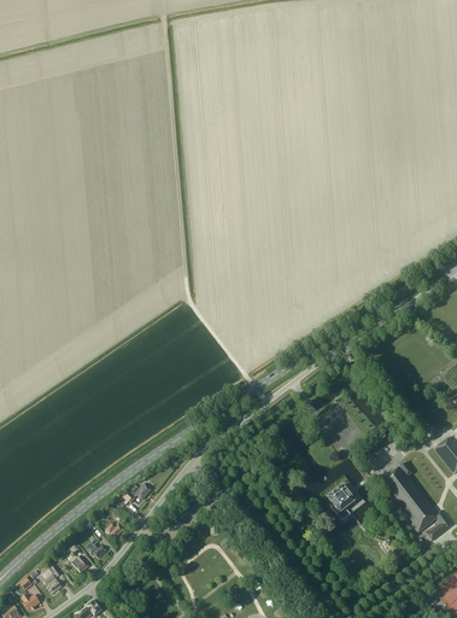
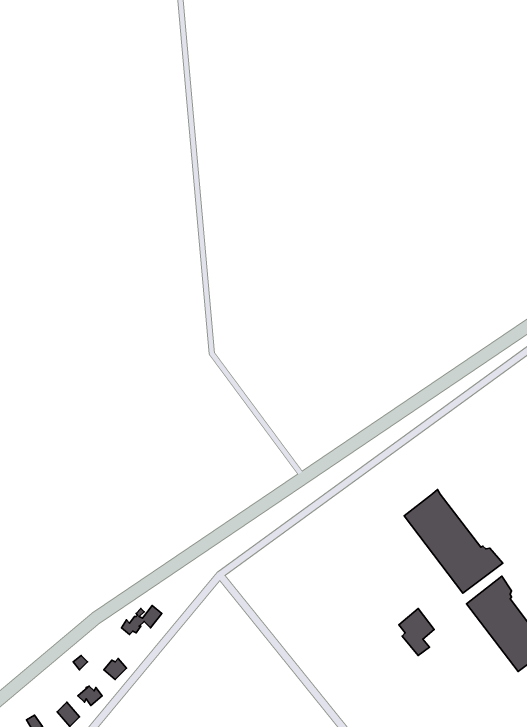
building: none -> [404,490,503,593]

